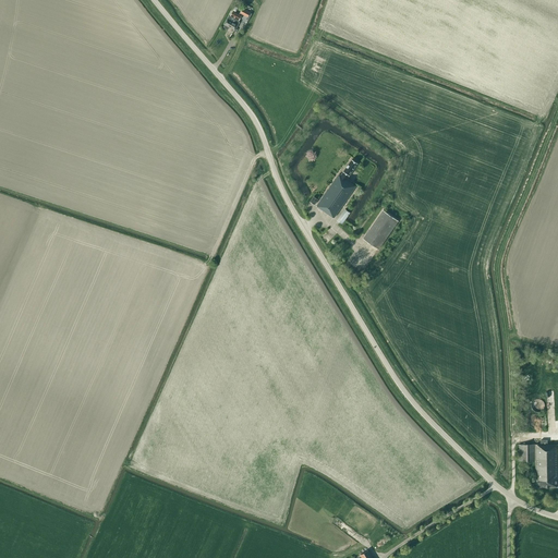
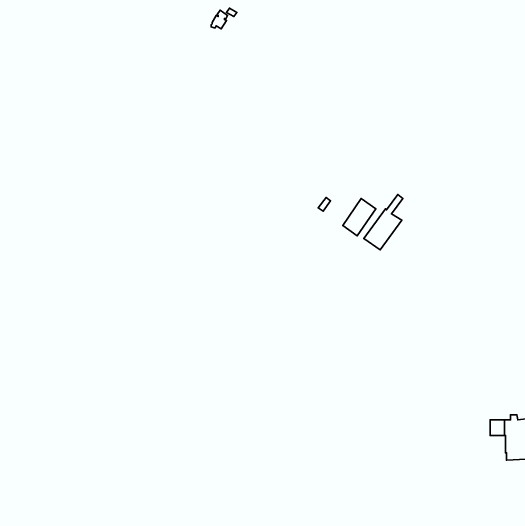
building: [317,159,359,218] -> [364,194,403,250]

